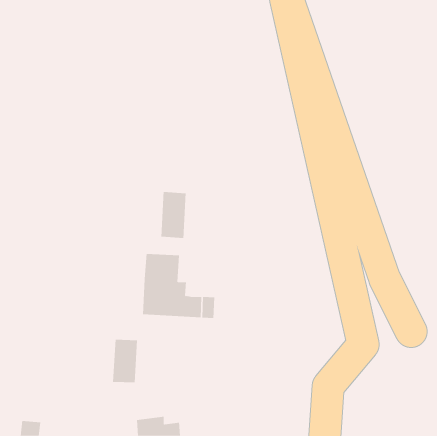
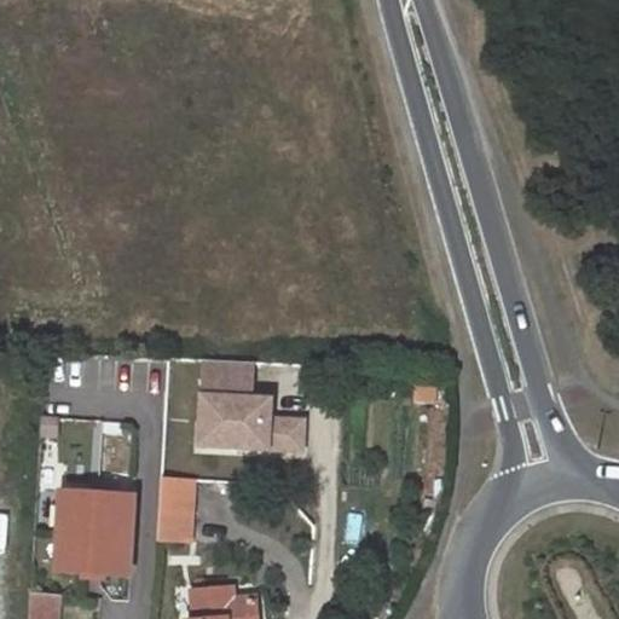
building: [161,191,186,239] -> none
building: none -> [57,492,134,575]

